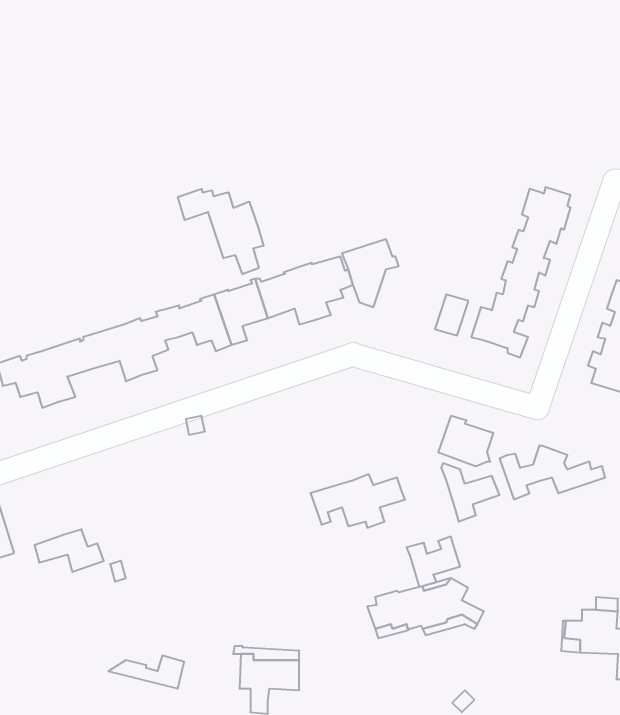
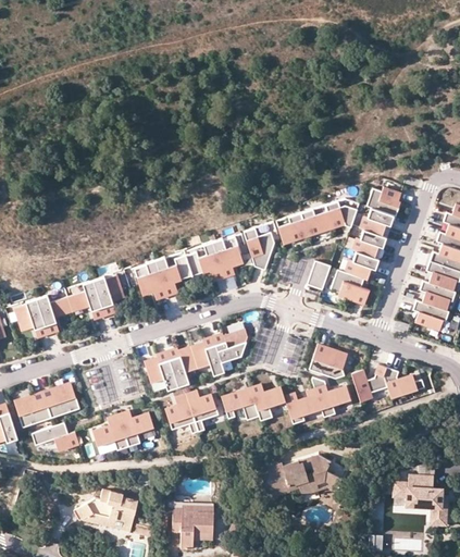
building: [178,189,264,274] -> none
building: none -> [275,199,358,244]
building: none -> [144,330,248,391]
building: none -> [13,384,78,428]
building: none -> [164,391,217,434]
building: none -> [91,411,153,450]
building: [407,537,460,587] -> [284,388,321,423]
building: none -> [77,490,137,520]

